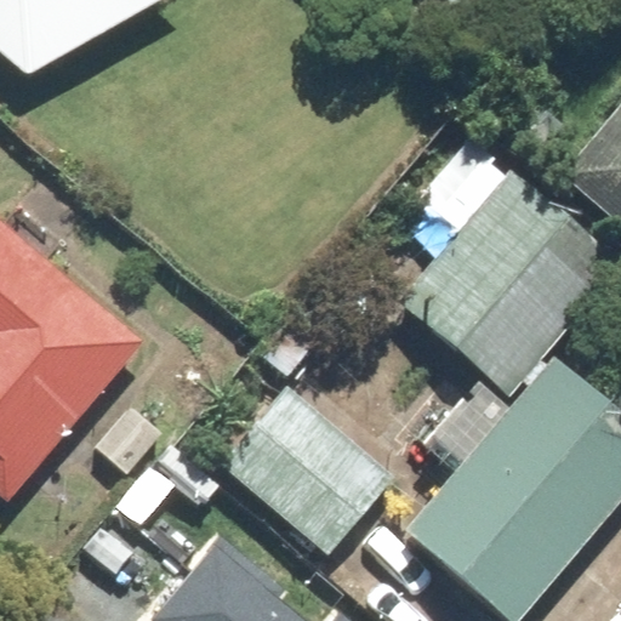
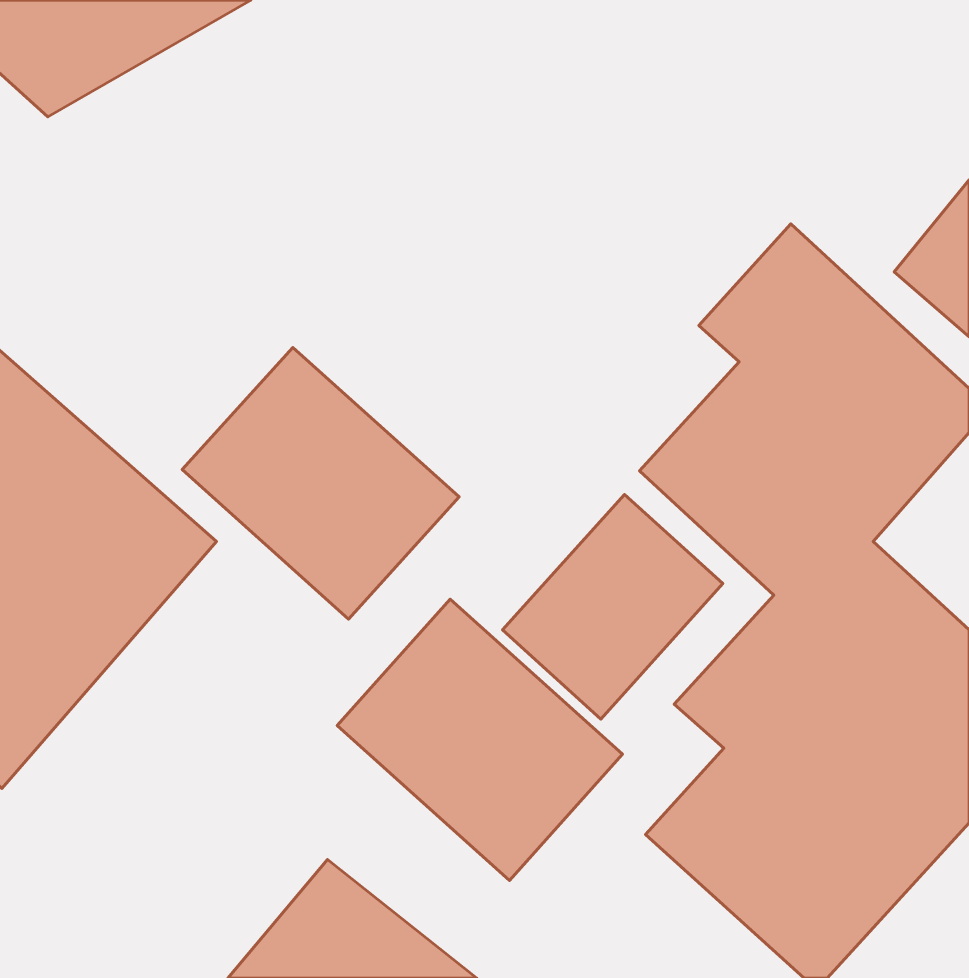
building: none -> [182,347,459,619]
building: none -> [503,495,723,719]

